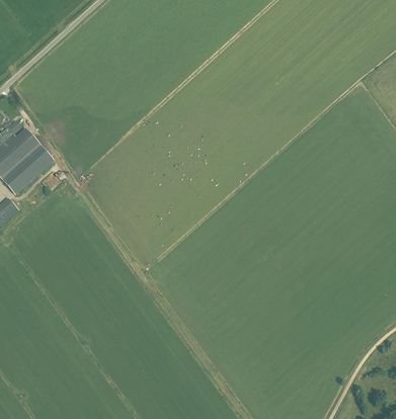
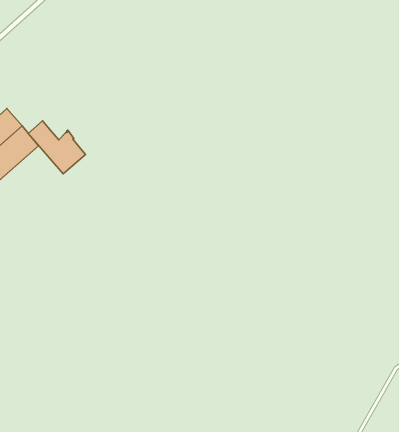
building: none -> [28,121,85,174]

